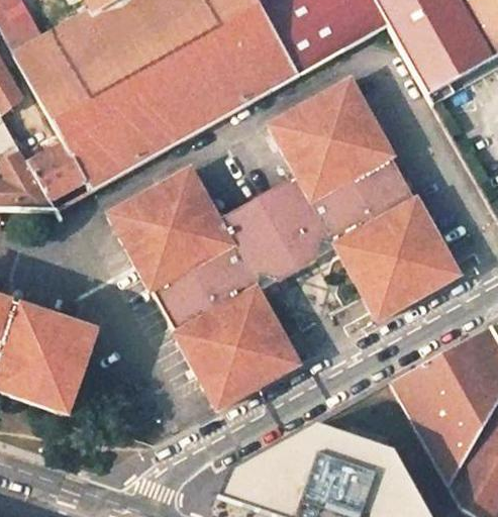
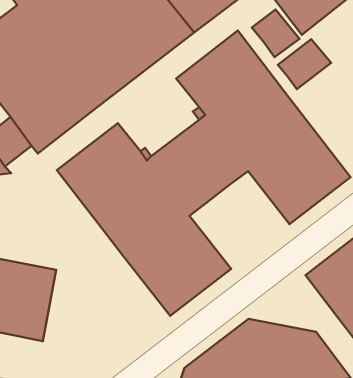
building: none -> [252,9,299,57]
building: none -> [278,39,331,89]

